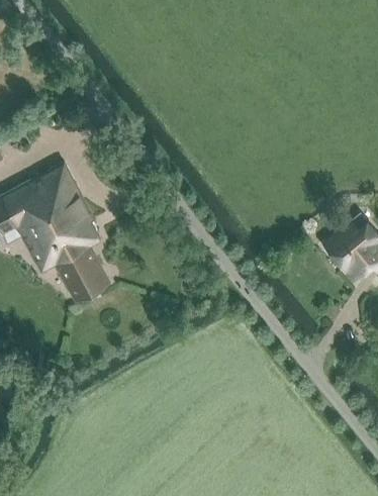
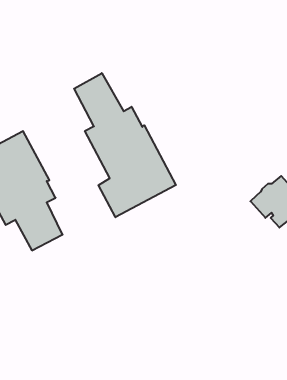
building: none -> [74,73,176,217]

